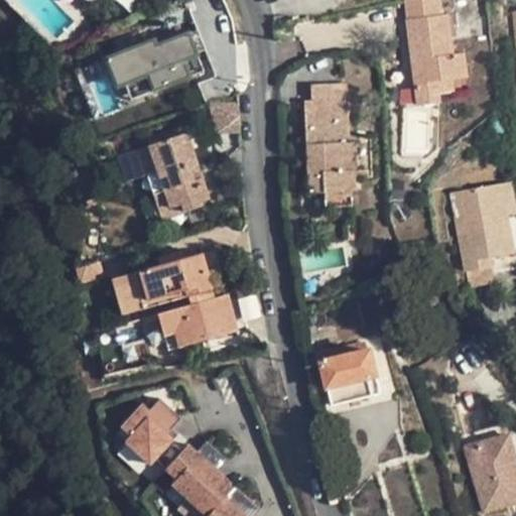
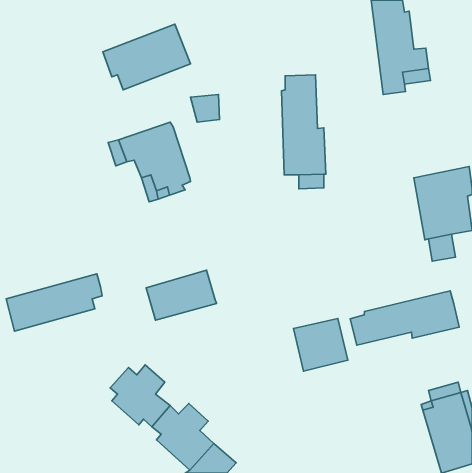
building: [114,250,219,312] -> [6,274,102,331]
building: none -> [350,291,459,345]

